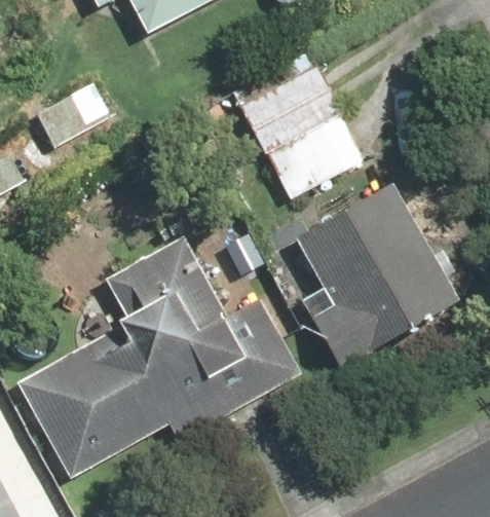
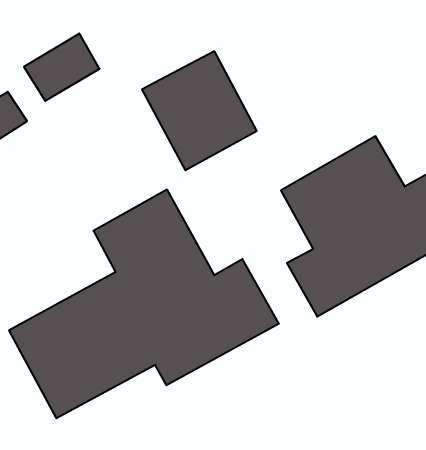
building: [247,76,364,197] -> [142,51,257,170]

